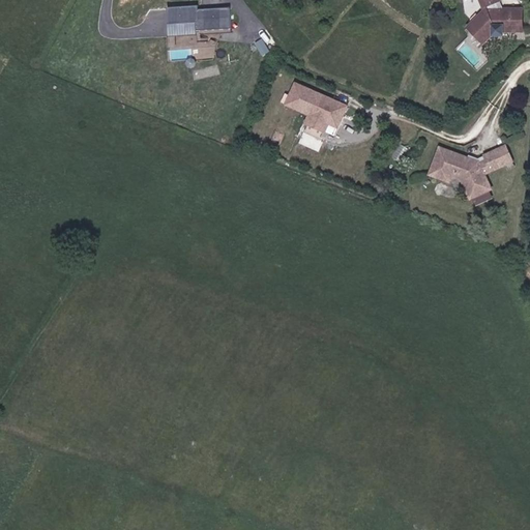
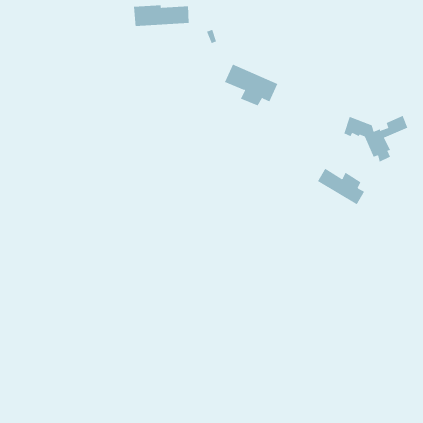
building: [468,7,522,41] -> none
building: none -> [317,168,365,205]

